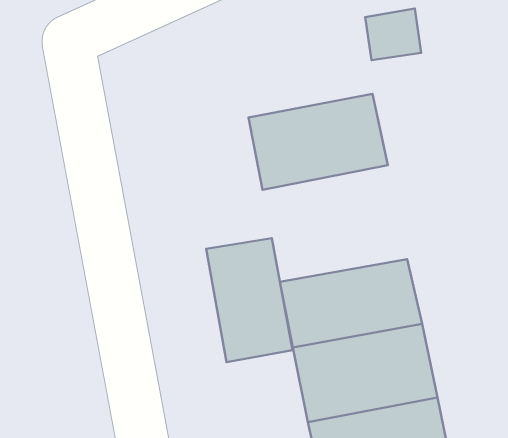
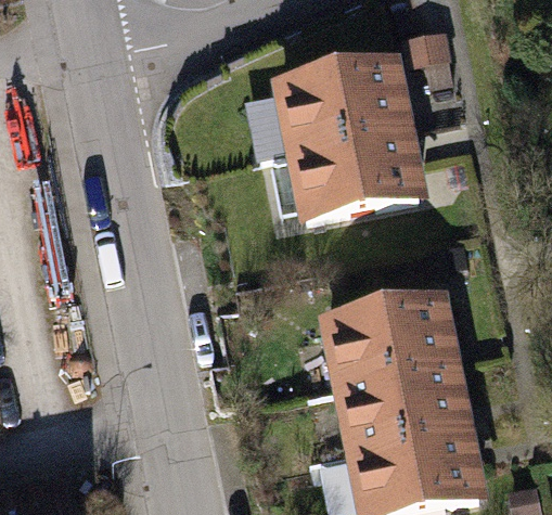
building: none -> [271,52,409,146]
building: [206,238,293,362] -> none

